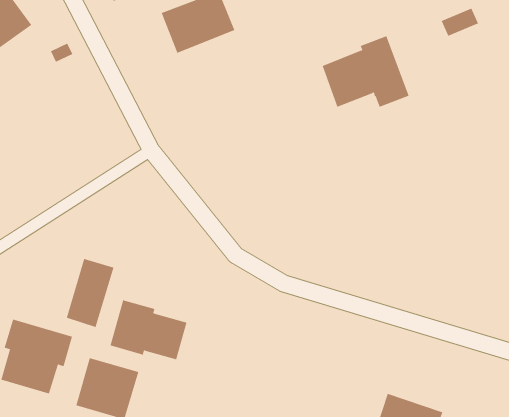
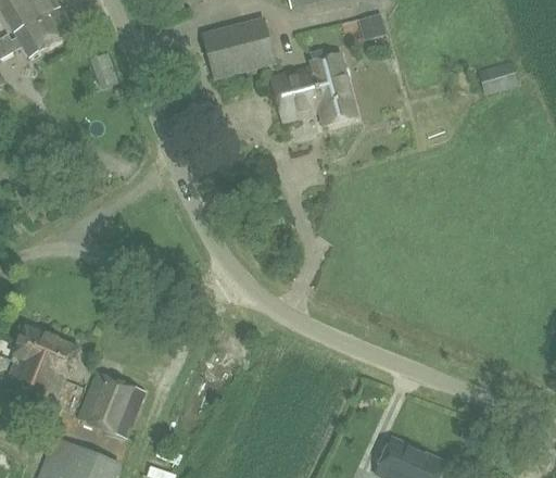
building: [322,35,409,108] -> [270,54,355,126]
building: [66,258,114,328] -> none
building: [110,300,187,360] -> none

